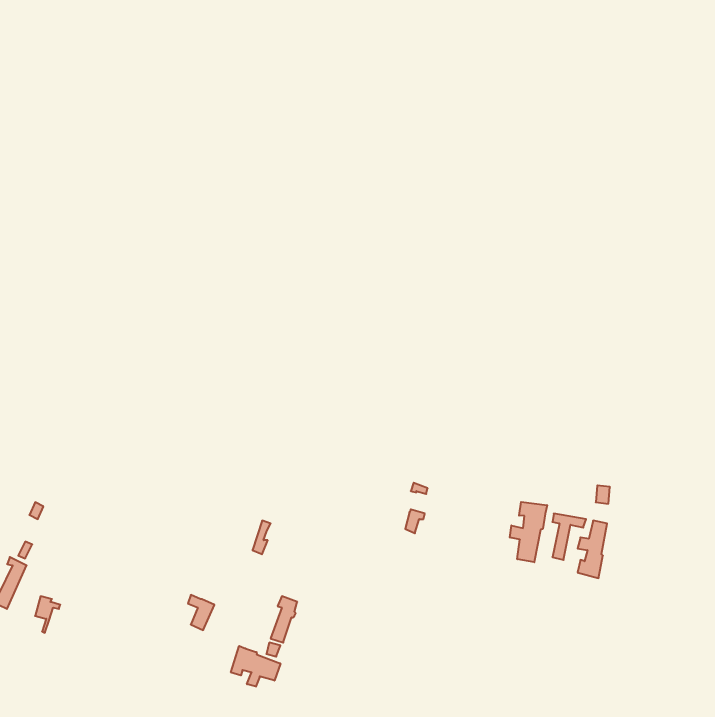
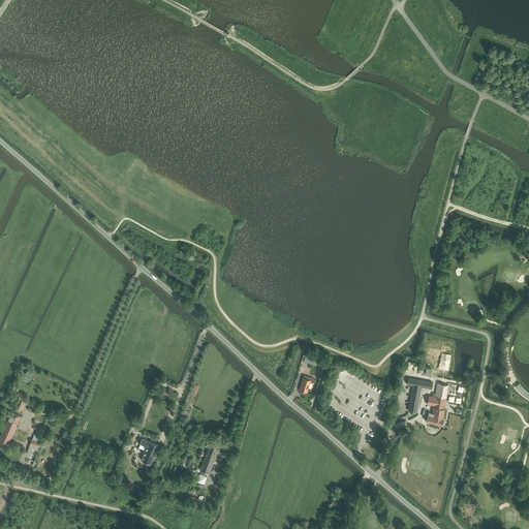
building: [510,502,547,562] -> none
building: [231,646,280,687] -> none

